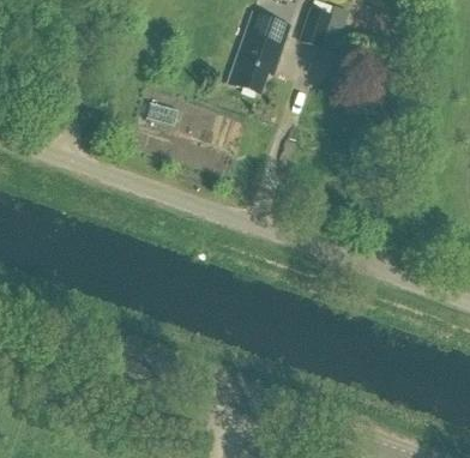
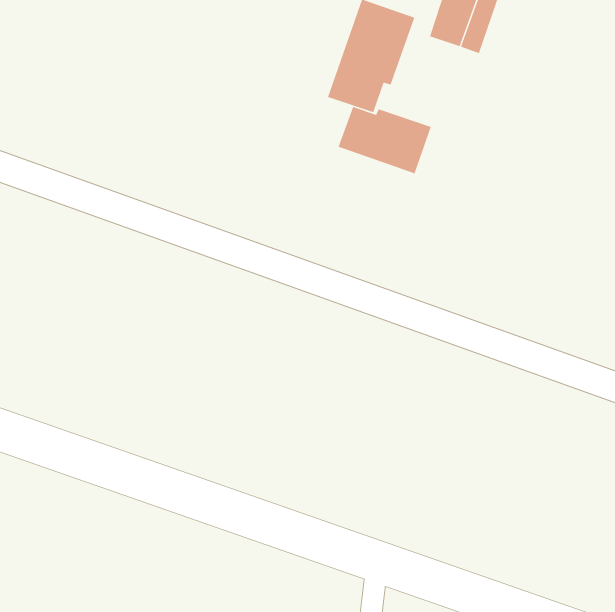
building: none -> [338,106,431,174]

